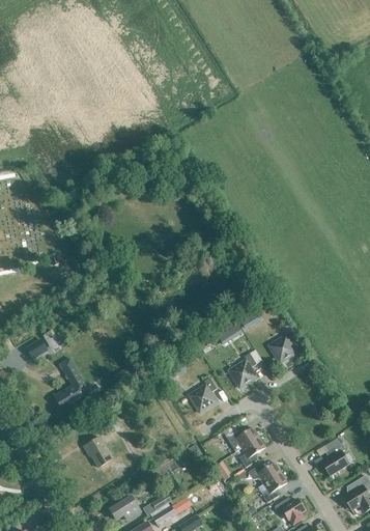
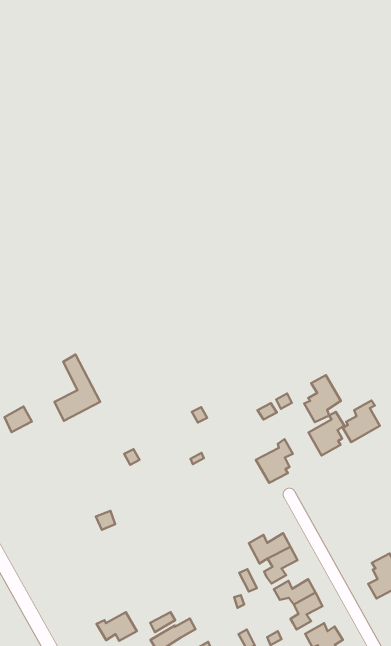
building: none -> [304,375,341,422]
building: none -> [343,401,380,442]
building: [54,358,90,411] -> [54,355,100,421]
building: [188,378,216,413] -> none
building: [83,437,112,468] -> none

